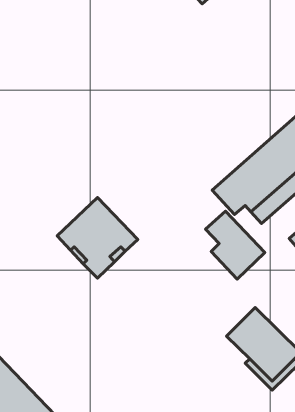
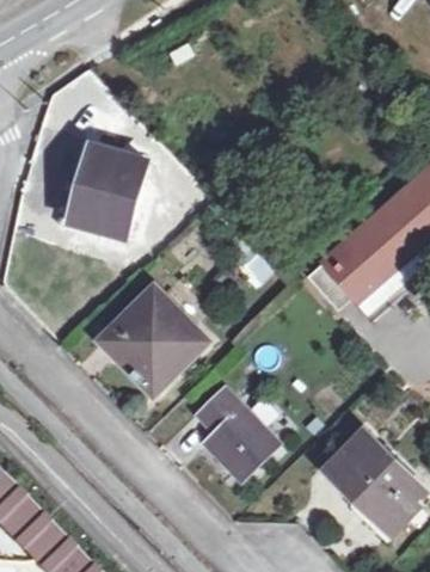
building: none -> [68,143,147,235]
building: [206,211,265,279] -> [198,386,277,476]

